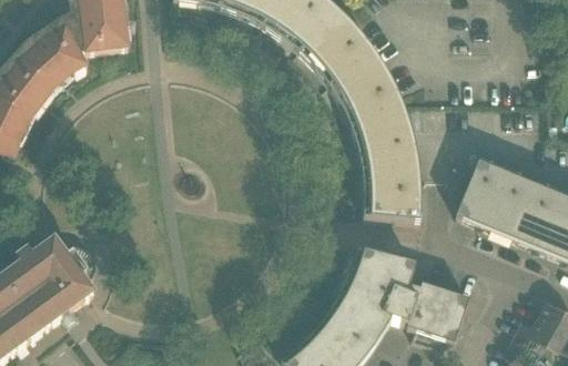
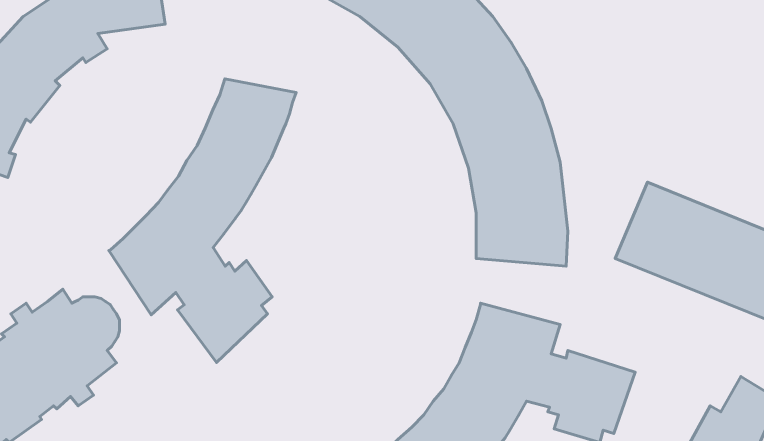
building: none -> [109,79,296,363]

